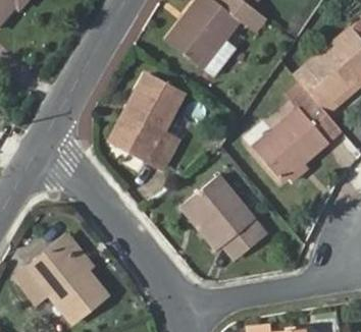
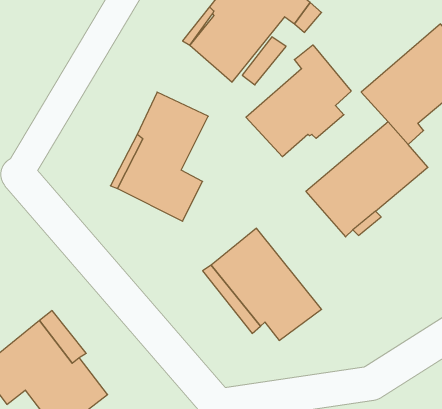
building: none -> [246,45,351,157]

